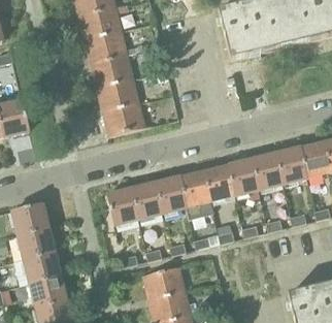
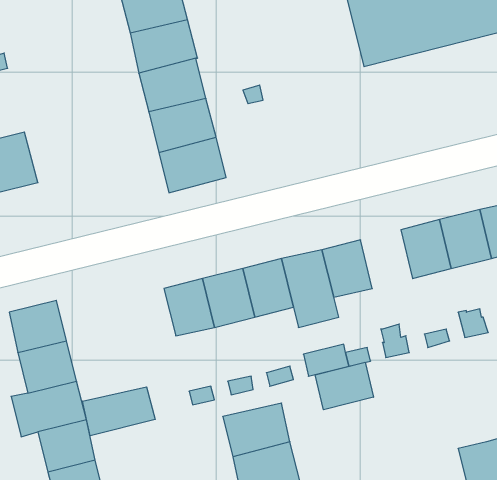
building: [228,159,260,195] -> none
building: none -> [315,362,373,410]
building: none -> [82,387,155,436]

